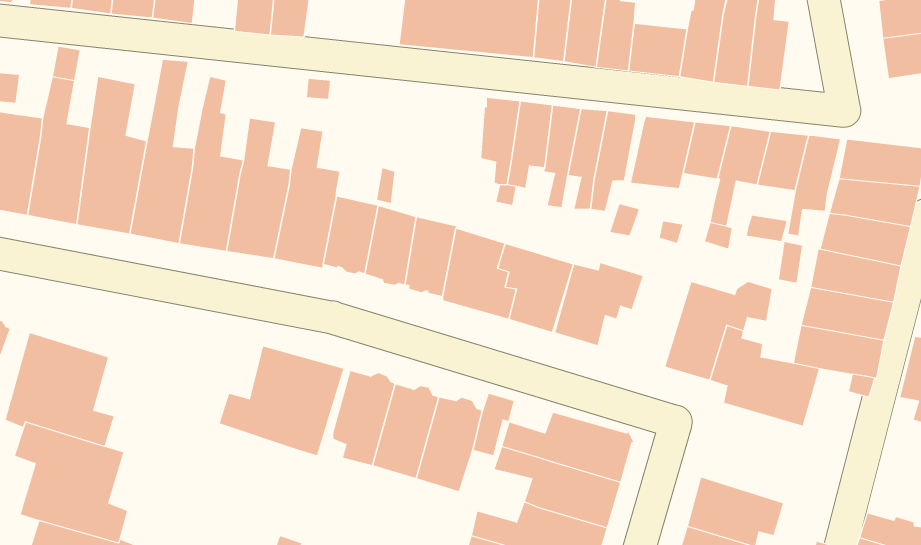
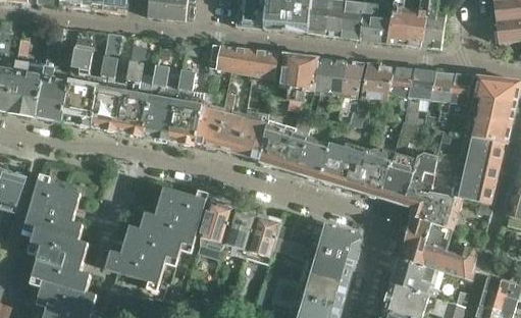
building: none -> [207,45,278,81]
building: none -> [343,148,393,198]
building: none -> [398,217,479,280]
building: none -> [104,225,181,284]

